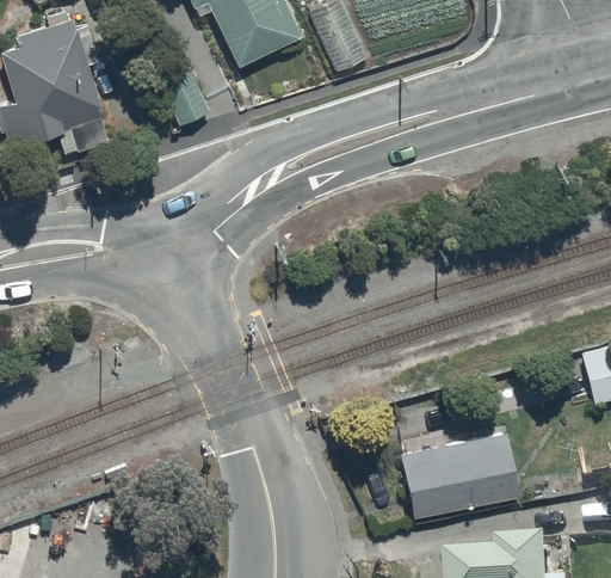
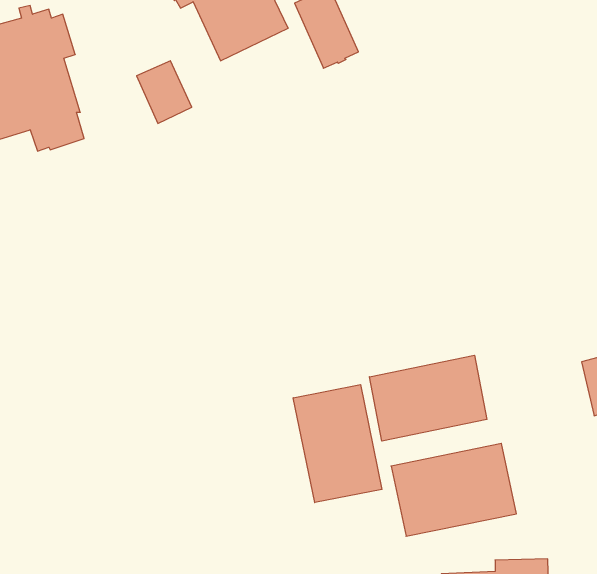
building: none -> [369,355,487,441]
building: none -> [293,385,382,503]

